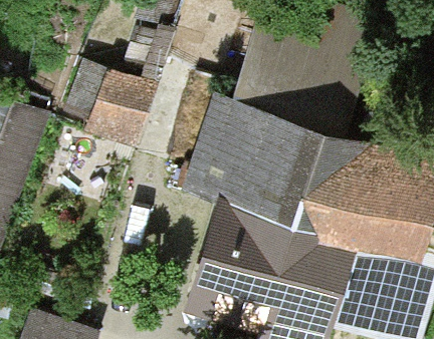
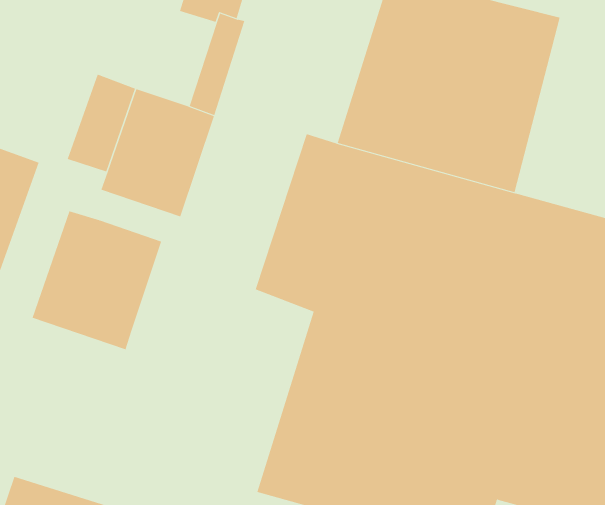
building: none -> [32,210,162,350]

